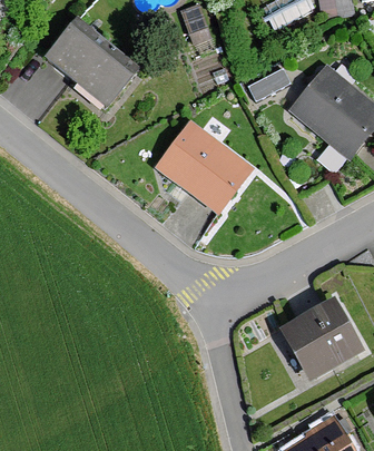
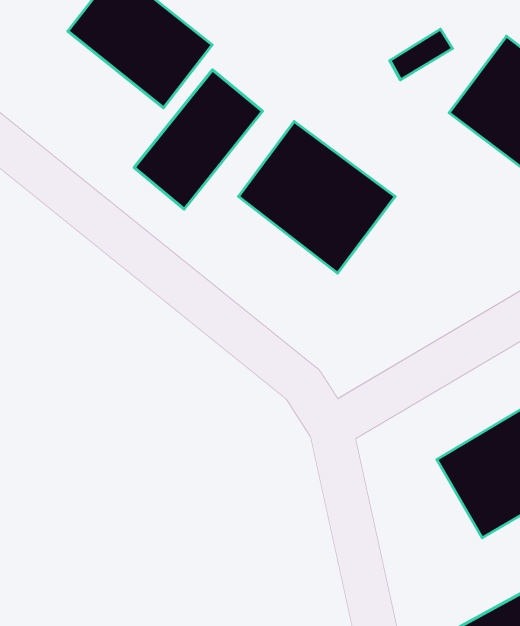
building: none -> [134,70,263,209]

